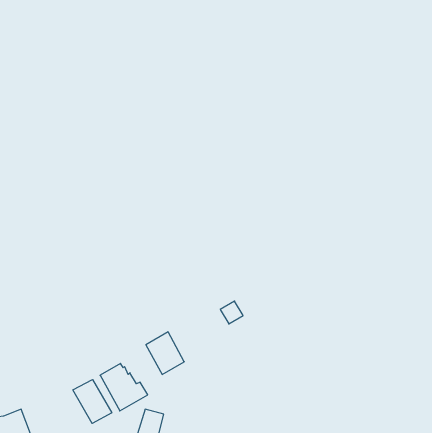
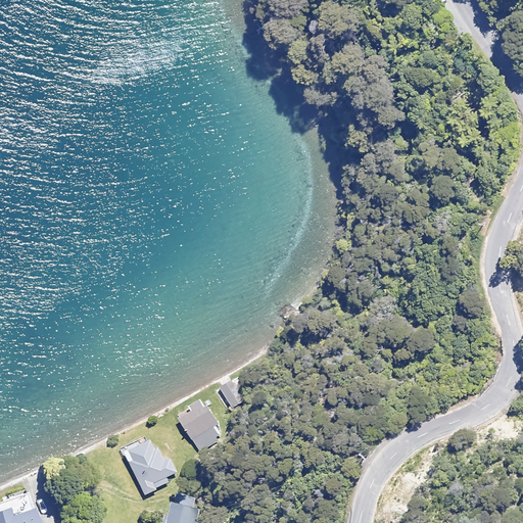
building: [220,301,243,324] -> [219,380,246,408]
building: [73,380,112,423] -> none

